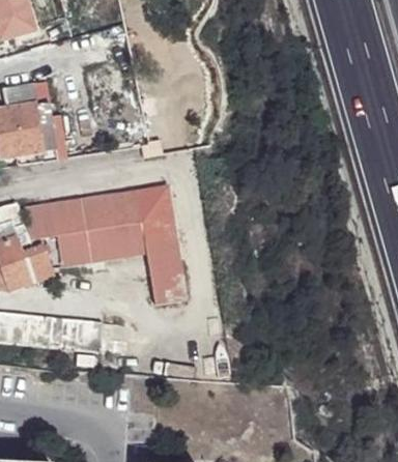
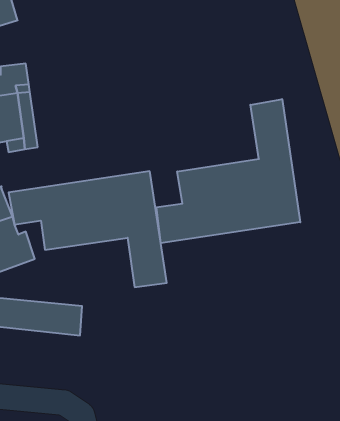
building: none -> [157,99,300,243]

